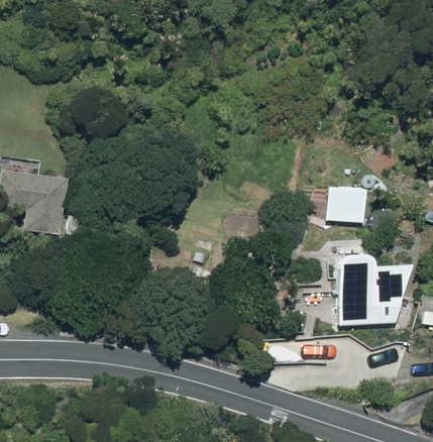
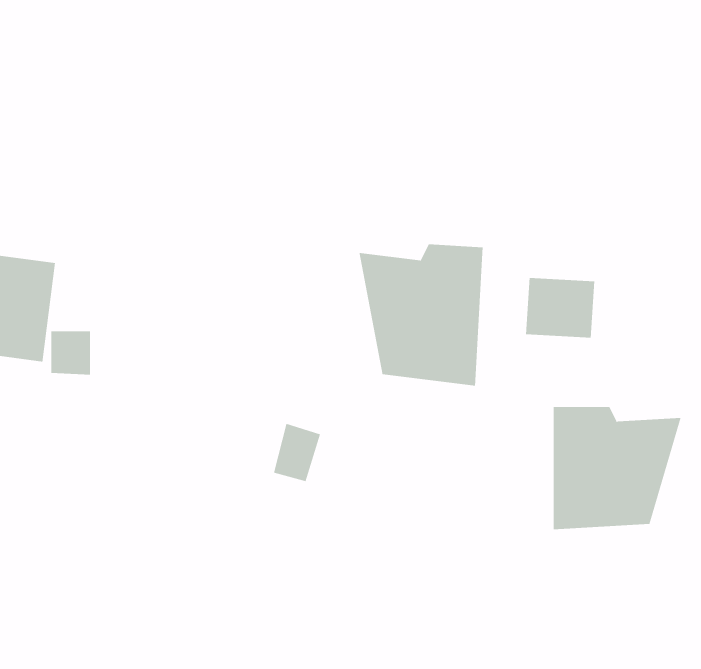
building: none -> [359,244,483,386]

